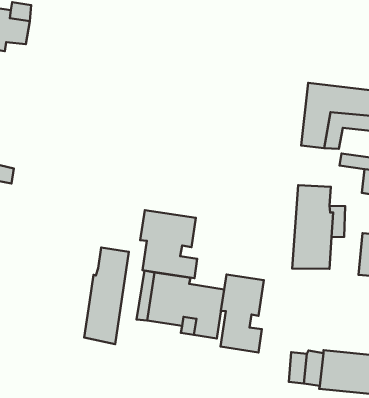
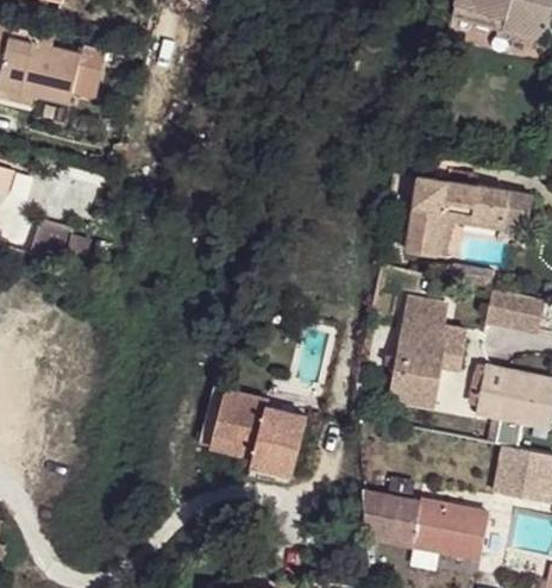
building: [140,210,197,278] -> none
building: [84,247,129,344] -> none
building: [221,275,264,353] -> none

